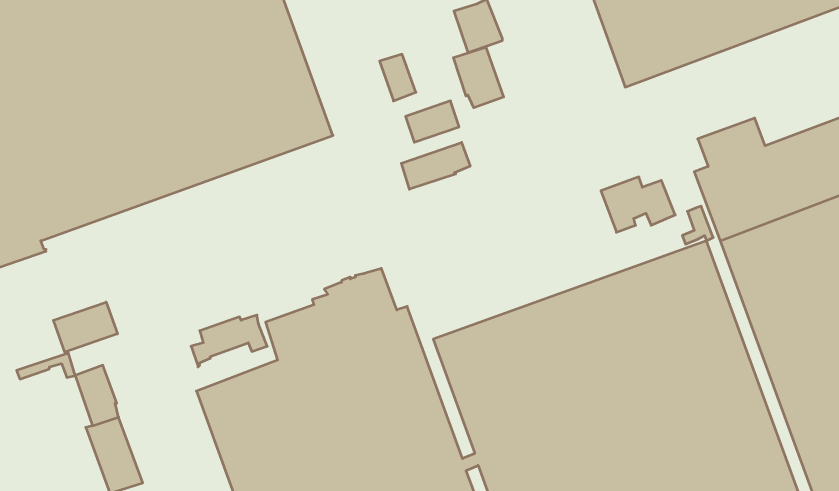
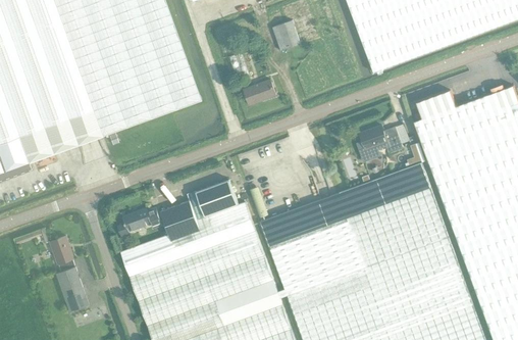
building: [453,47,504,108] -> none
building: [401,142,470,189] -> none
building: [53,302,117,352] -> none

